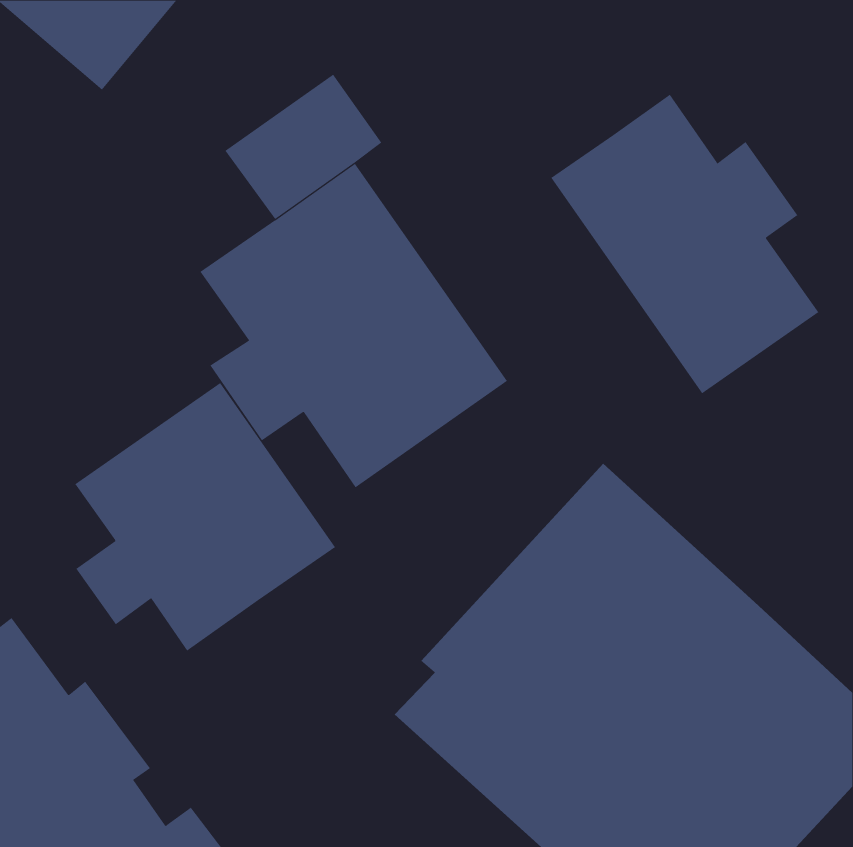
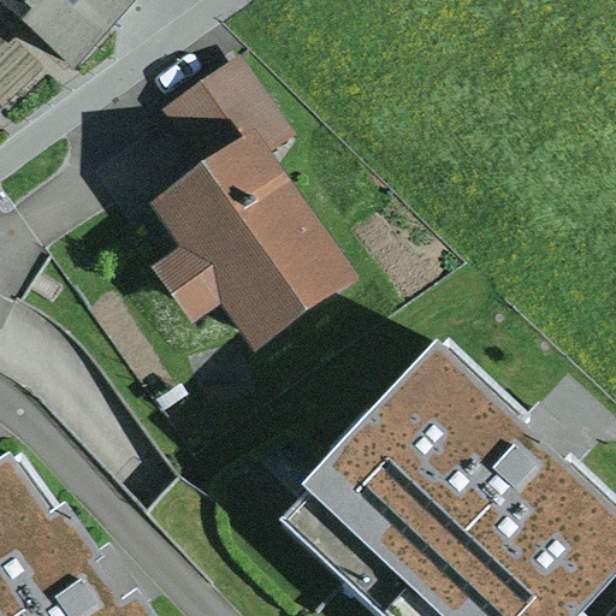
building: [551,94,819,394] -> none
building: [74,382,336,652] -> none

